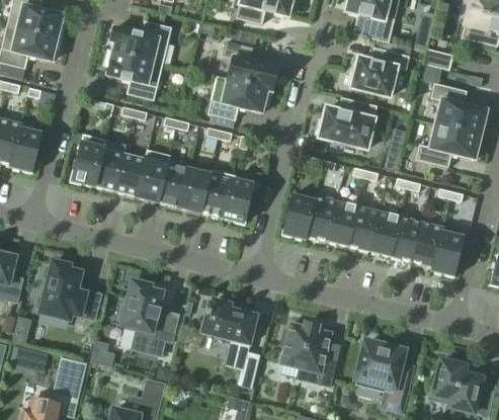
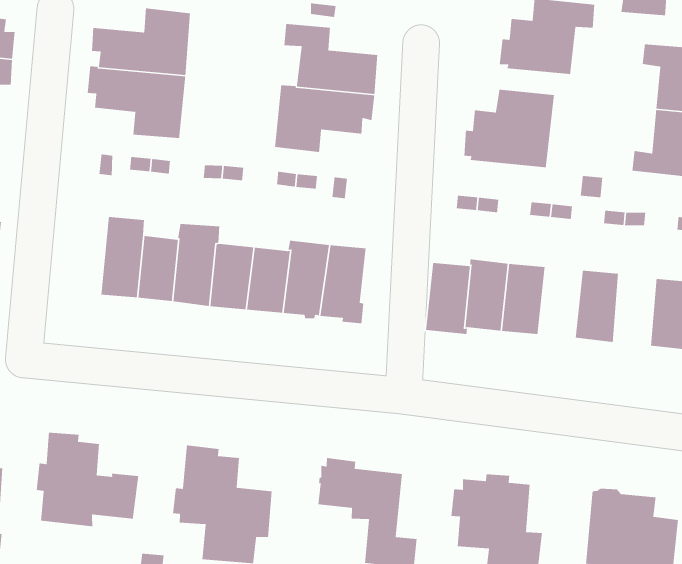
building: [69,133,105,184] -> none
building: [347,205,379,250] -> none
building: [391,216,421,261] -> none

